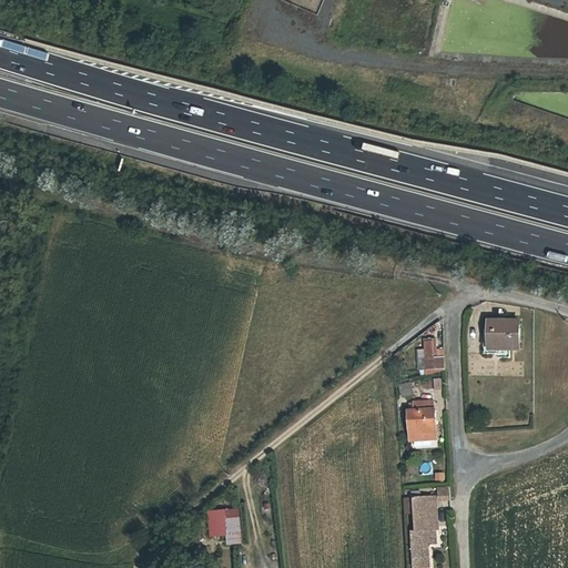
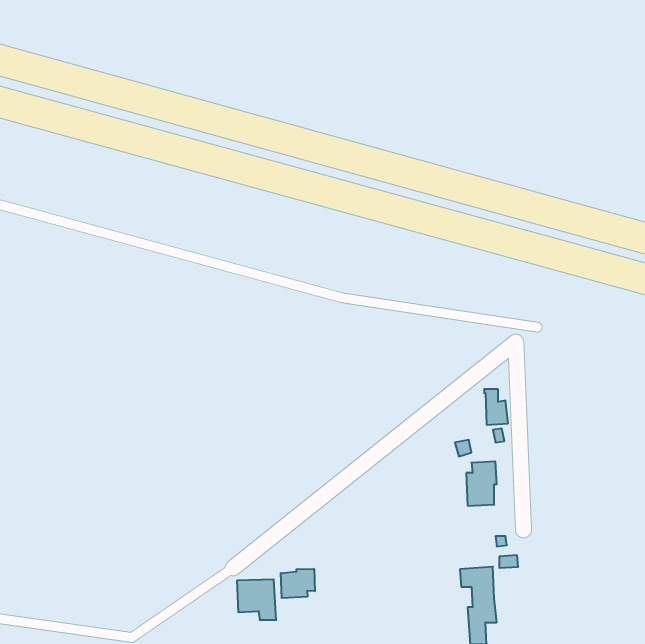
building: [483,315,518,349] -> none
building: none -> [281,569,315,598]

